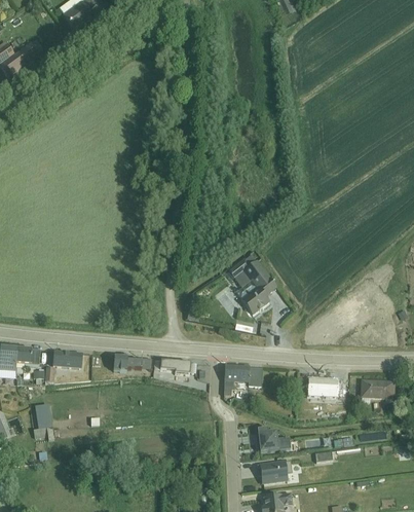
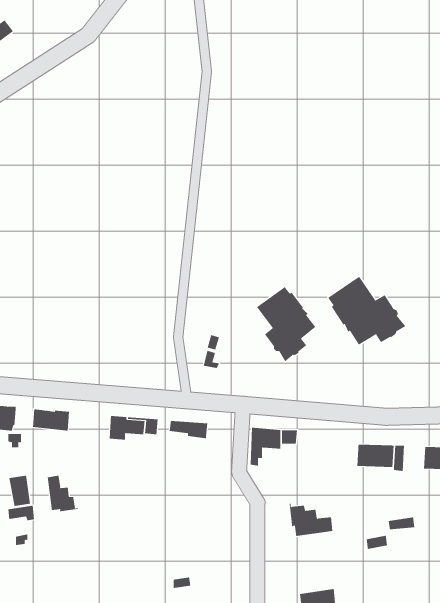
building: none -> [328,276,406,345]
building: none -> [47,475,78,512]
building: [257,461,292,482] -> none

